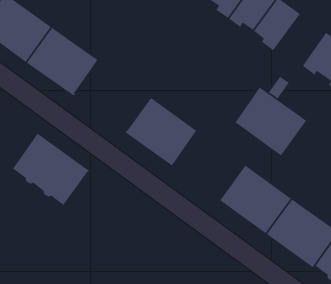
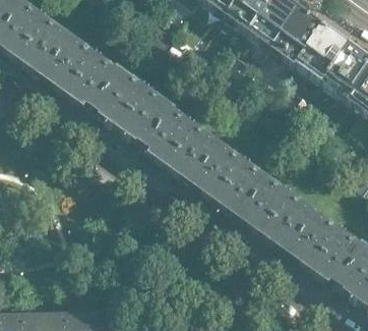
building: none -> [302,27,353,80]
building: [234,87,307,156] -> [196,147,270,218]
building: [12,133,90,205] -> [97,72,176,147]

